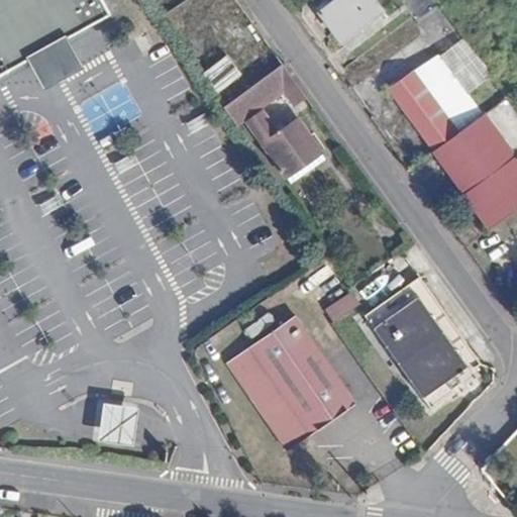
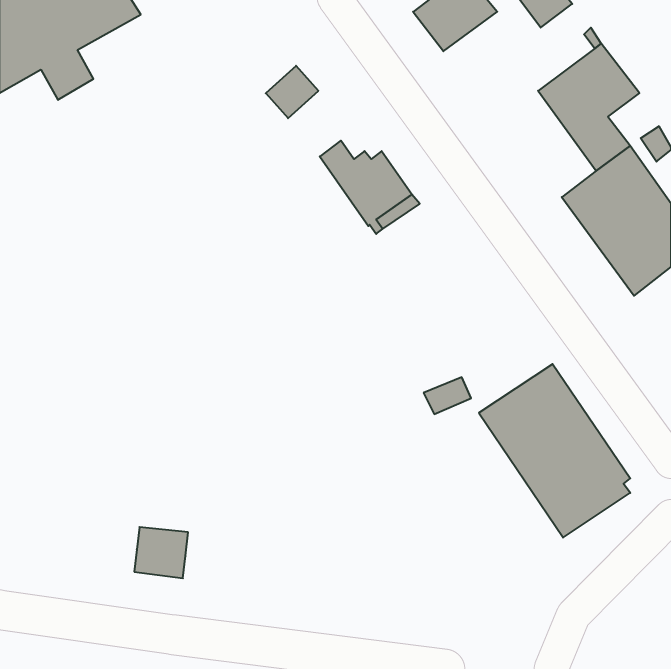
building: [221,61,303,118] -> none
building: [385,70,457,151] -> none
building: [222,313,352,448] -> none

